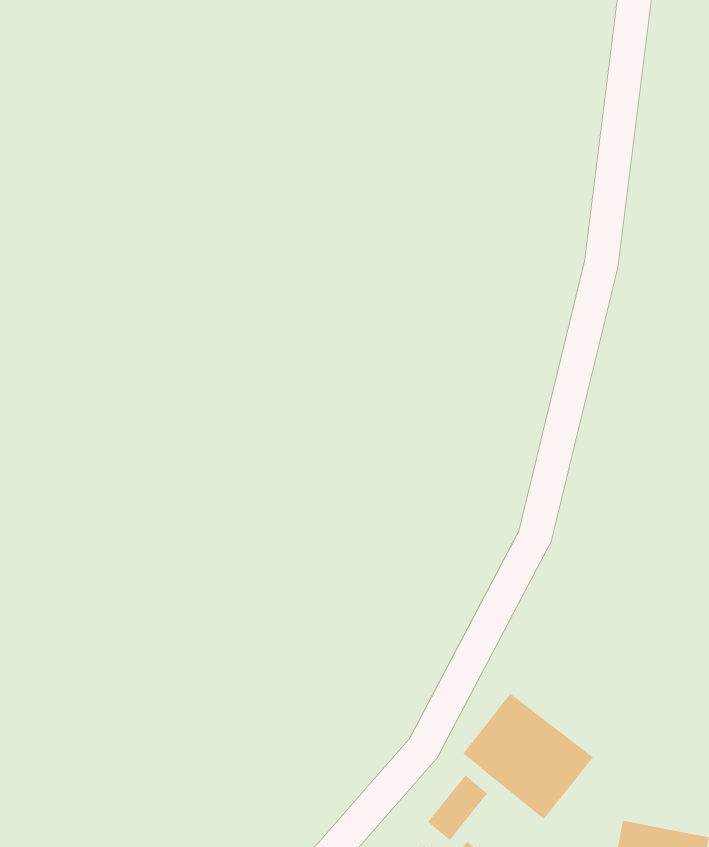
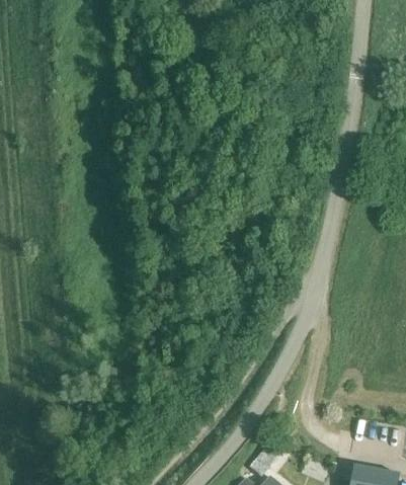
building: [462,693,594,820] -> none

